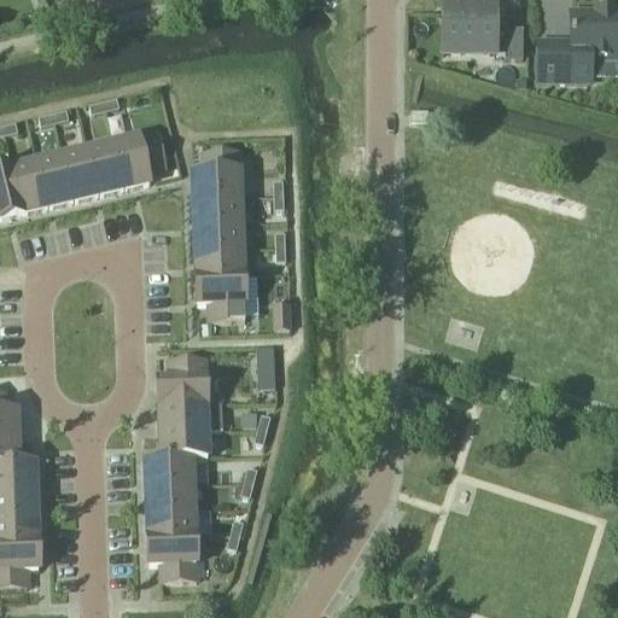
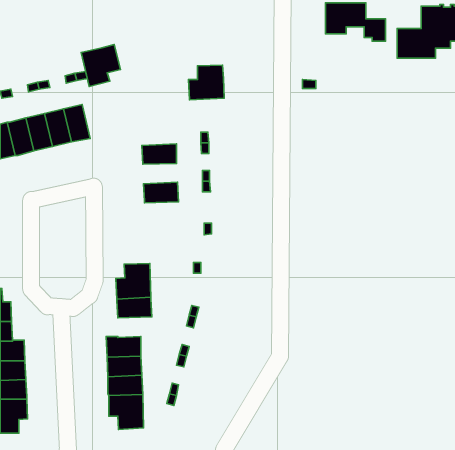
building: [112,130,165,187] -> [81,44,121,86]
building: [192,150,240,197] -> [189,65,224,100]
building: [194,221,241,249] -> none
building: [197,273,245,320] -> none
building: [161,428,208,456] -> none

